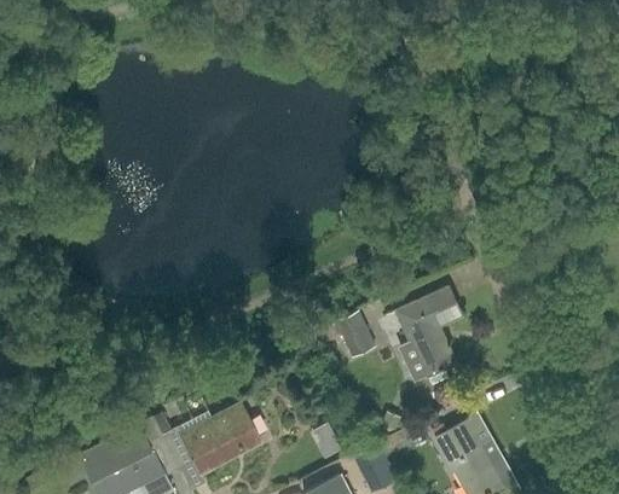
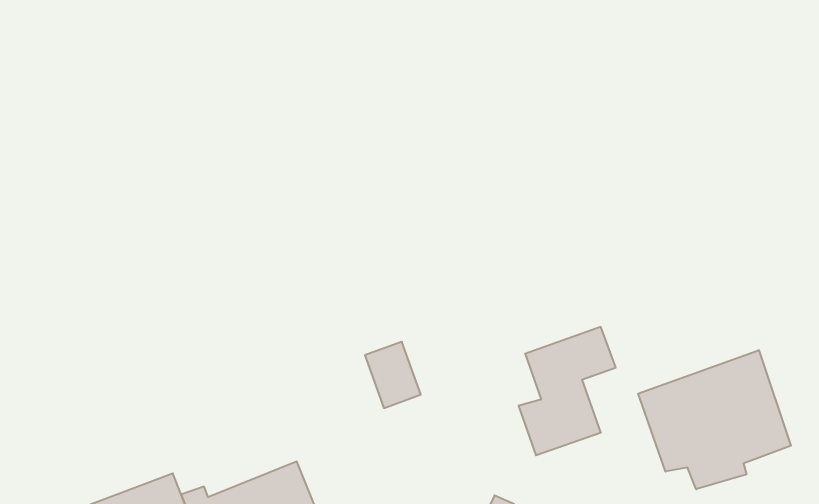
building: none -> [638,350,791,489]
building: [332,310,375,359] -> [365,342,421,408]

